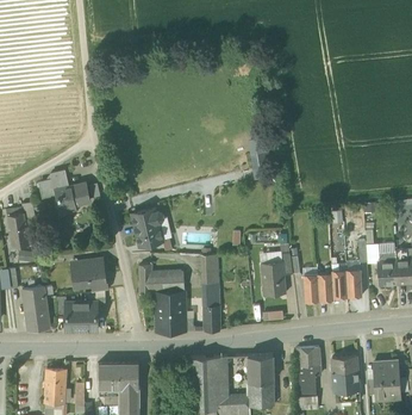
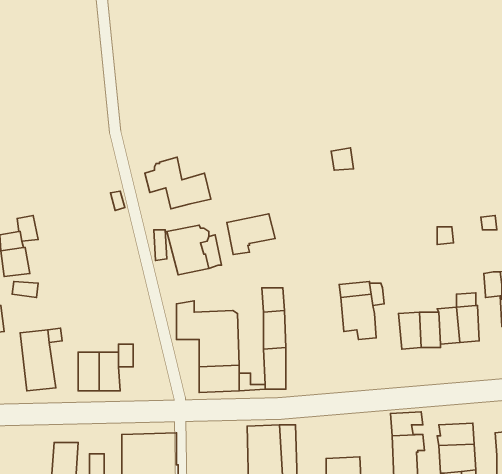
building: [40,171,89,209] -> [145,157,211,209]
building: none -> [227,214,275,255]
building: [70,260,105,287] -> none
building: [248,354,274,382] -> none

